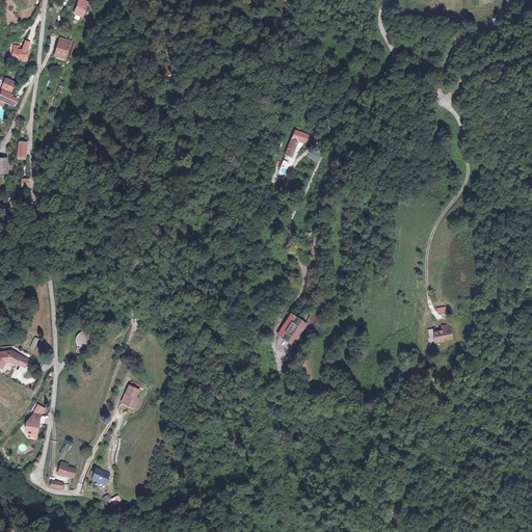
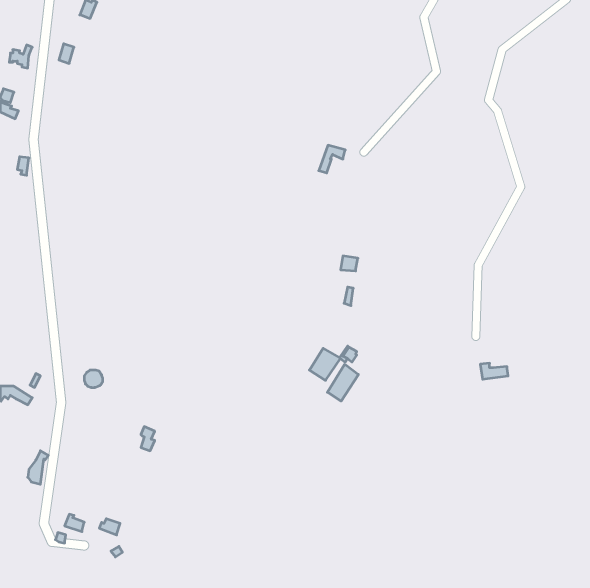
building: none -> [327,365,358,401]

